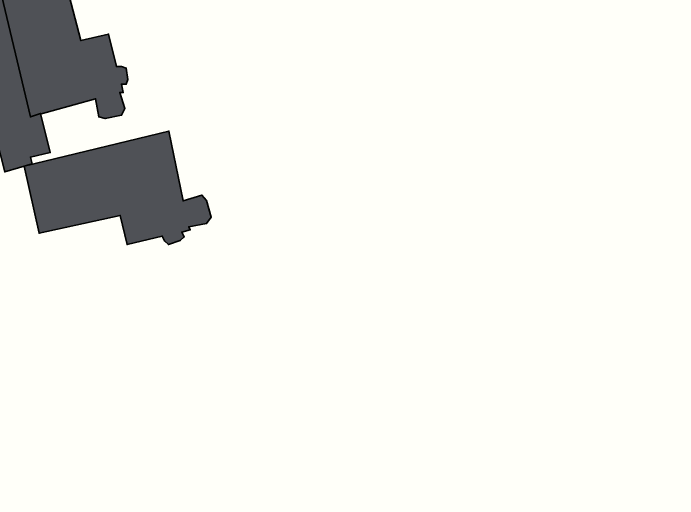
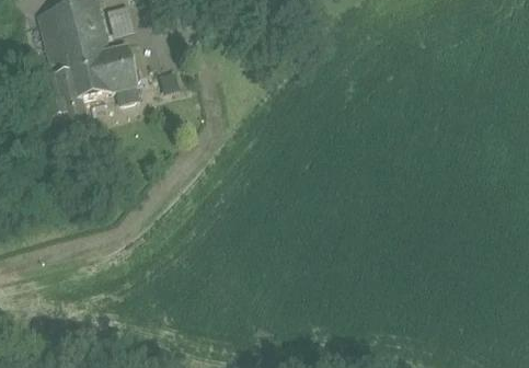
building: [24,131,211,245] -> none

